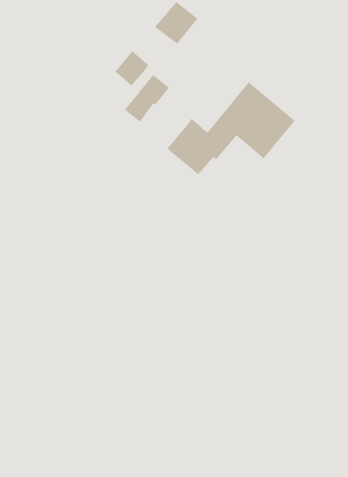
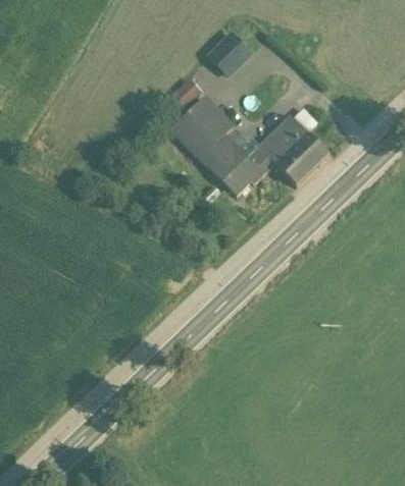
building: none -> [187,111,233,164]

